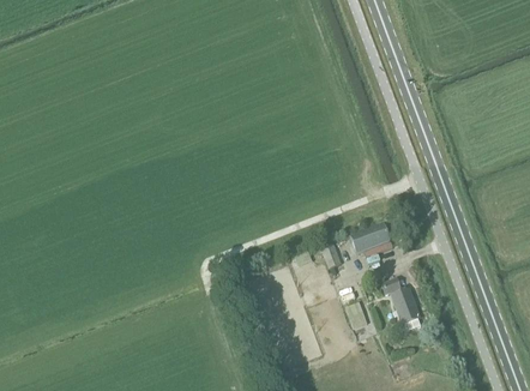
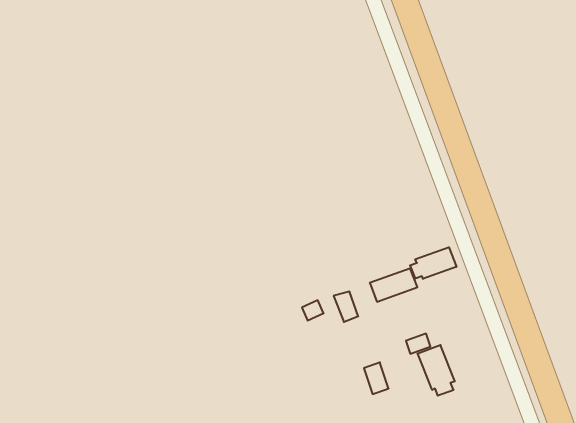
building: none -> [410,247,456,279]

